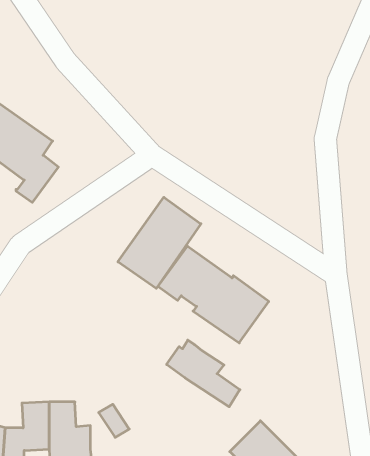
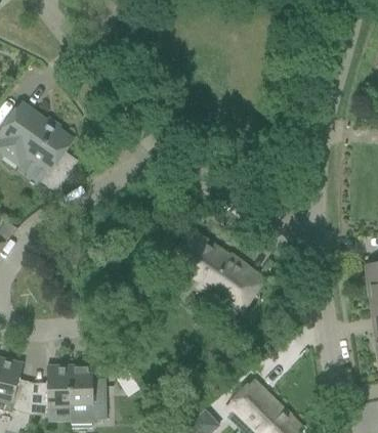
building: [118,197,201,288] -> none
building: [167,340,240,407] -> none

